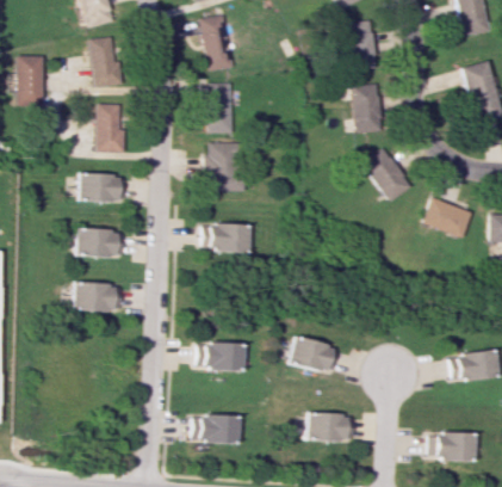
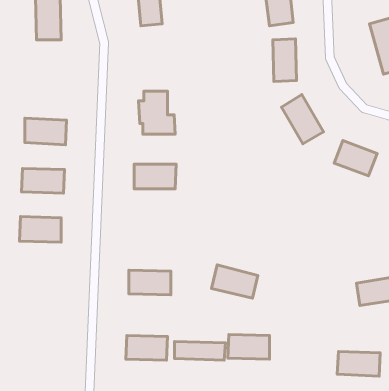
building: [209,81,234,132] -> none
building: [95,103,123,152] -> none
building: none -> [174,341,225,360]

